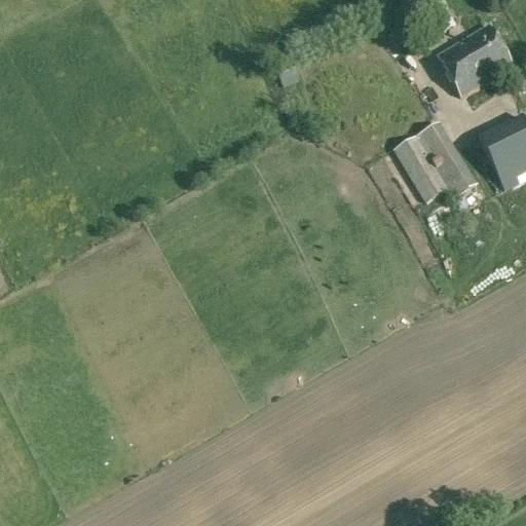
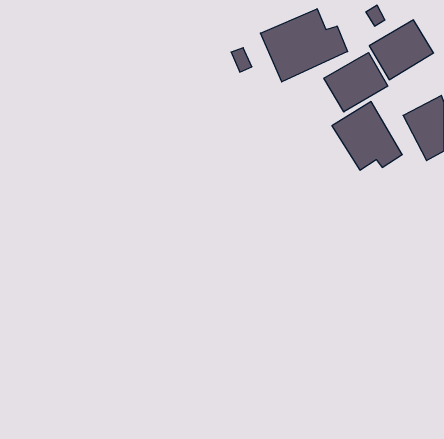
building: none -> [260,9,348,82]
building: none -> [324,53,388,112]

